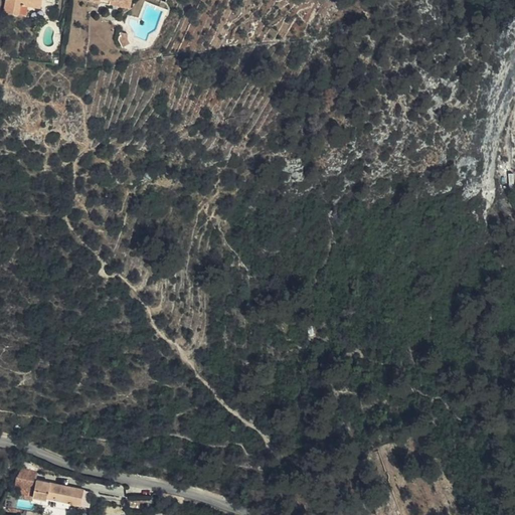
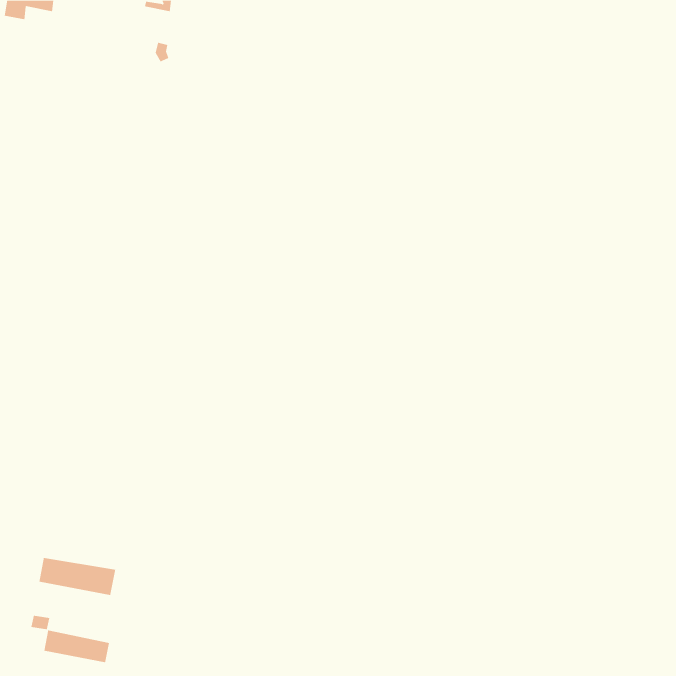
building: none -> [39,557,116,596]

